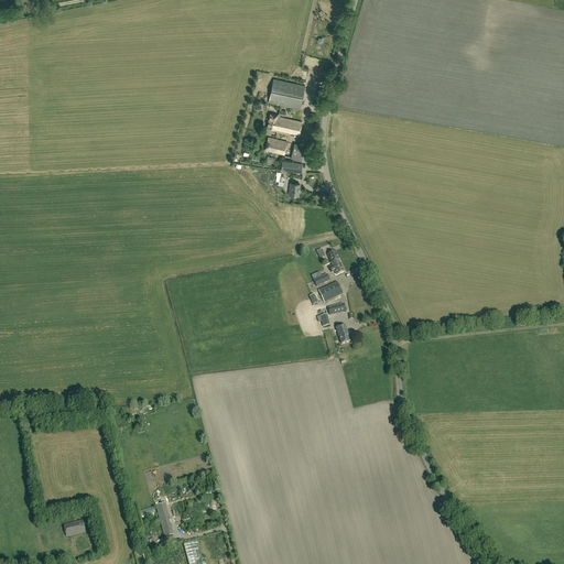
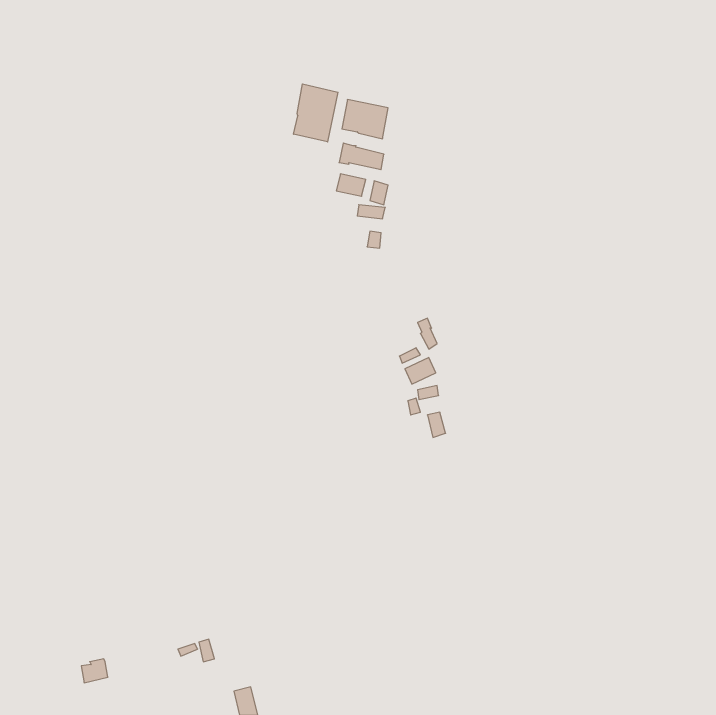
building: none -> [294,84,338,142]

